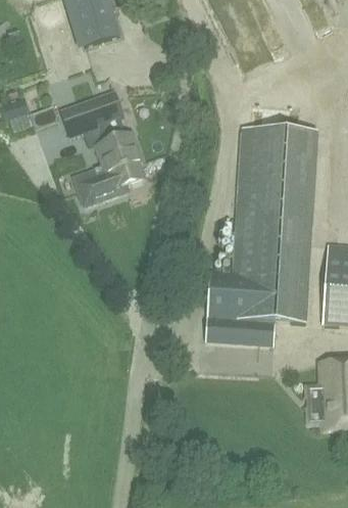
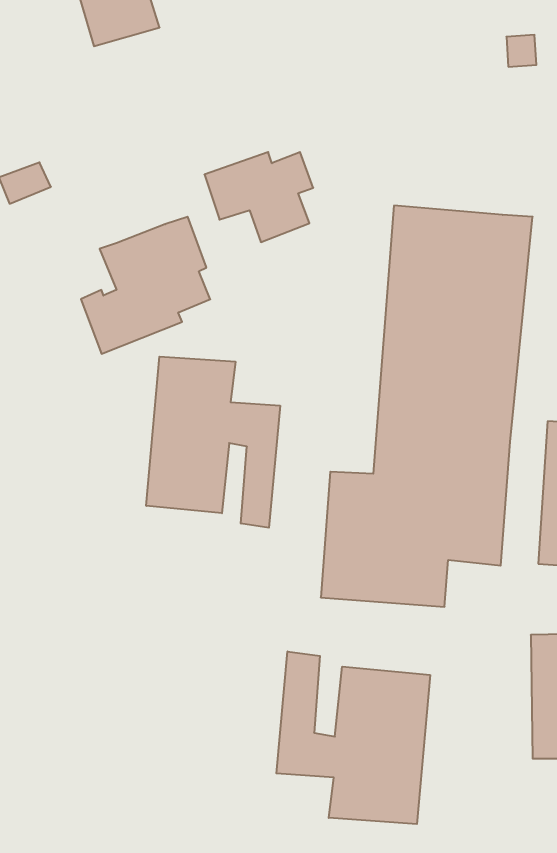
building: [63,97,122,146] -> [204,152,313,242]
building: none -> [146,357,280,528]
building: none -> [276,651,430,824]

